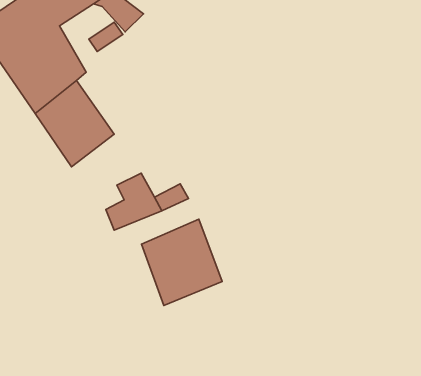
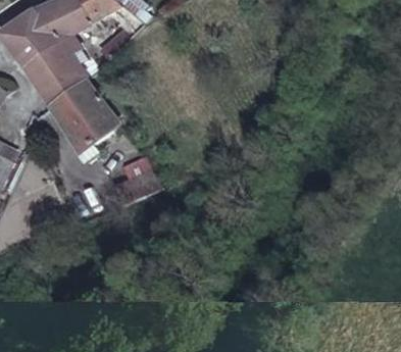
building: [142,219,222,306] -> none

